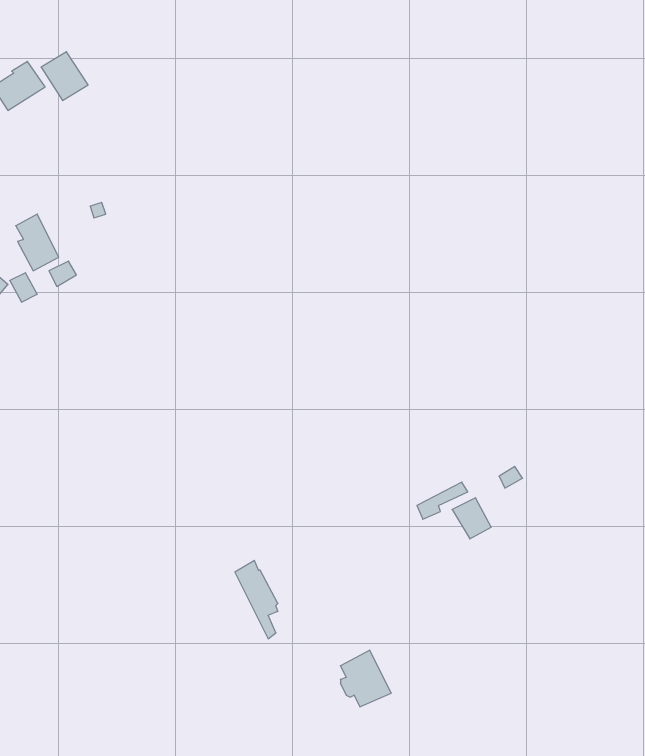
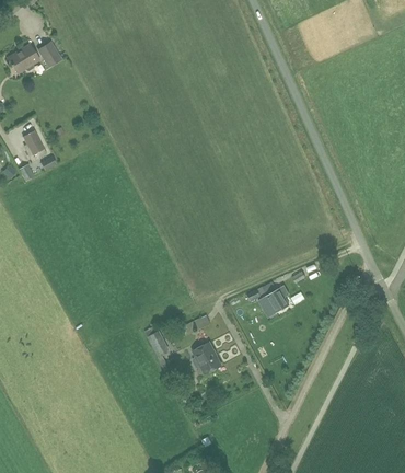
building: [340,650,391,707] -> [193,341,221,372]

